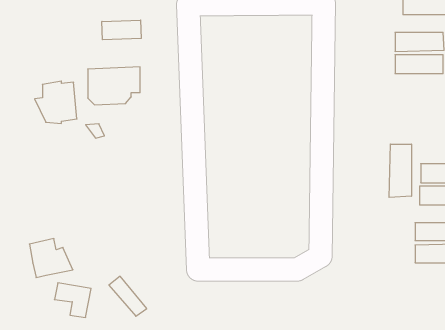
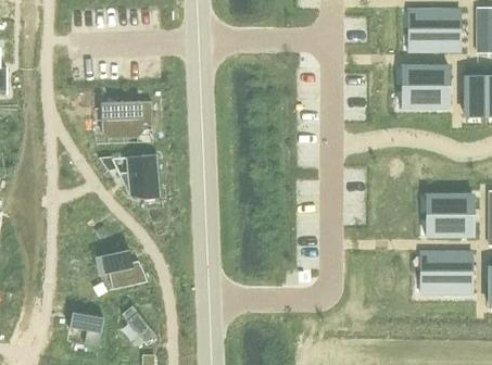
building: [102,20,141,40] -> none
building: [35,81,77,123] -> [117,154,159,196]
building: [389,144,411,197] -> none
building: [29,239,73,278] -> [104,250,147,288]

